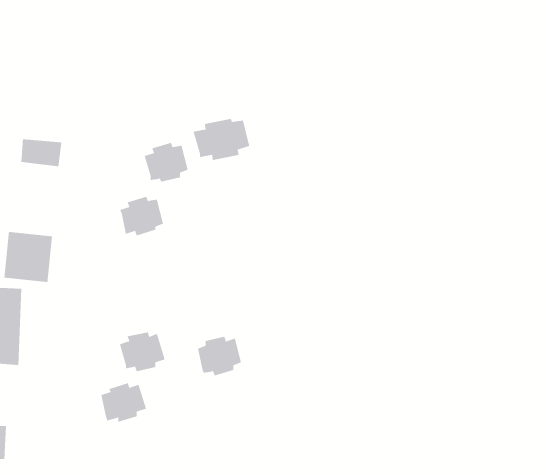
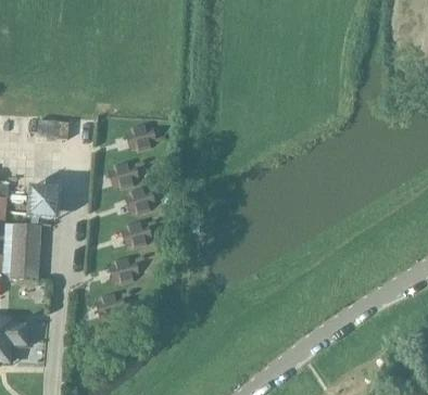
building: [193,118,250,161] -> none
building: none -> [124,184,158,214]
building: [197,336,242,376] -> [122,219,153,247]

